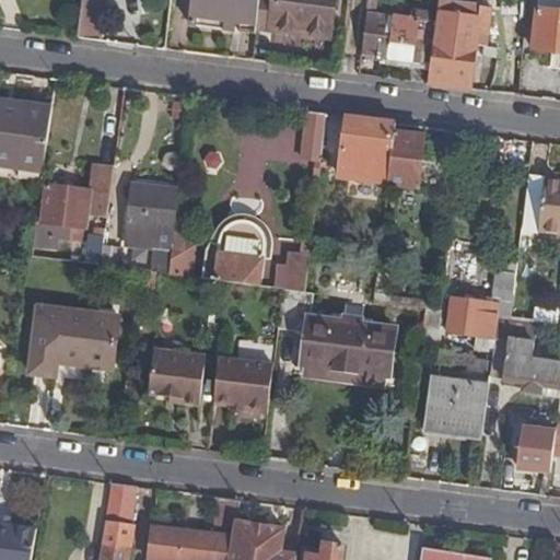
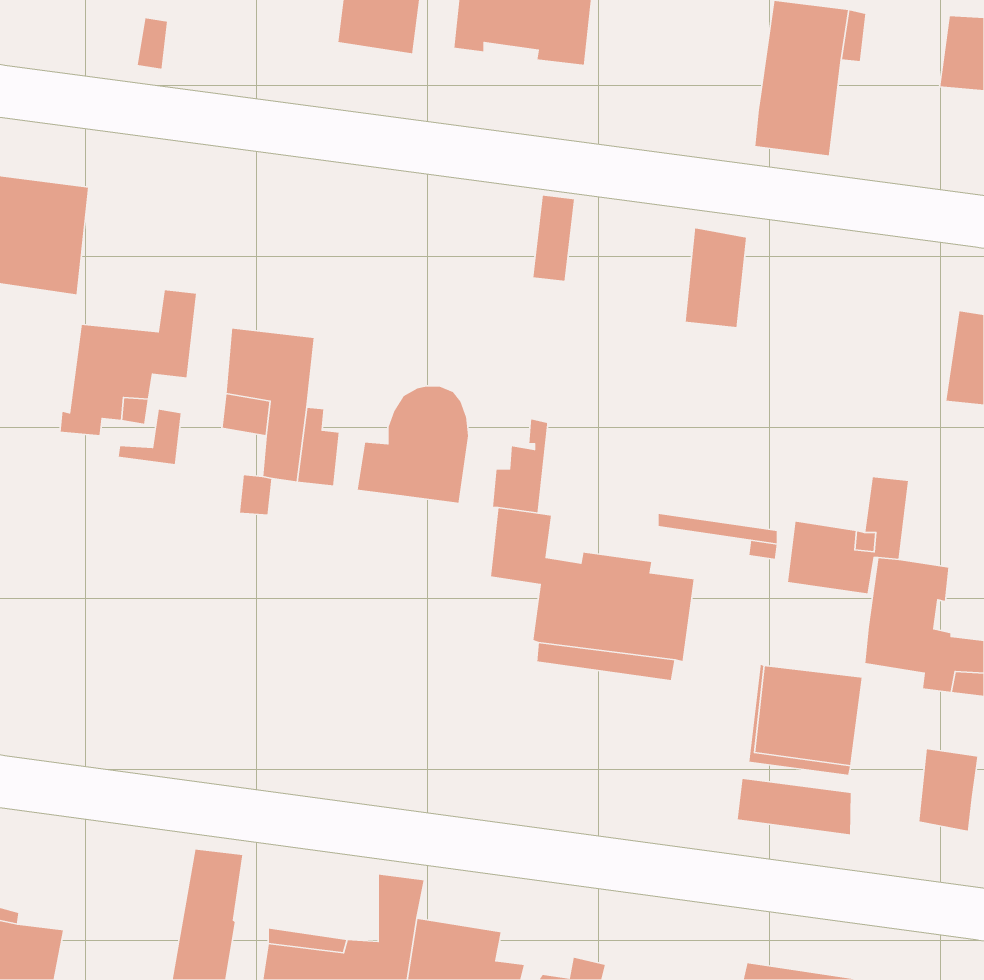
building: [361,14,434,62] -> none
building: [337,115,394,183] -> none
building: [30,306,118,375] -> none
building: [149,347,205,404] -> none
building: [212,358,272,412] -> none
building: none -> [737,778,851,835]

